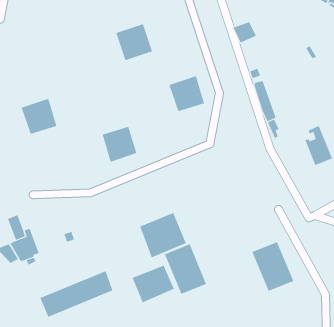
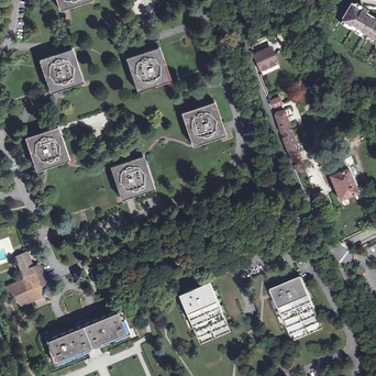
building: none -> [42,49,80,88]
building: [140,212,187,258] -> none
building: [132,265,175,303] -> none

